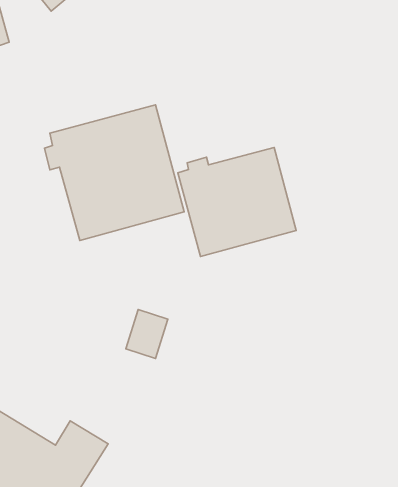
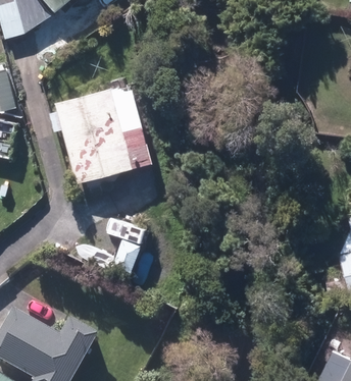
building: [178,148,296,257] -> none

